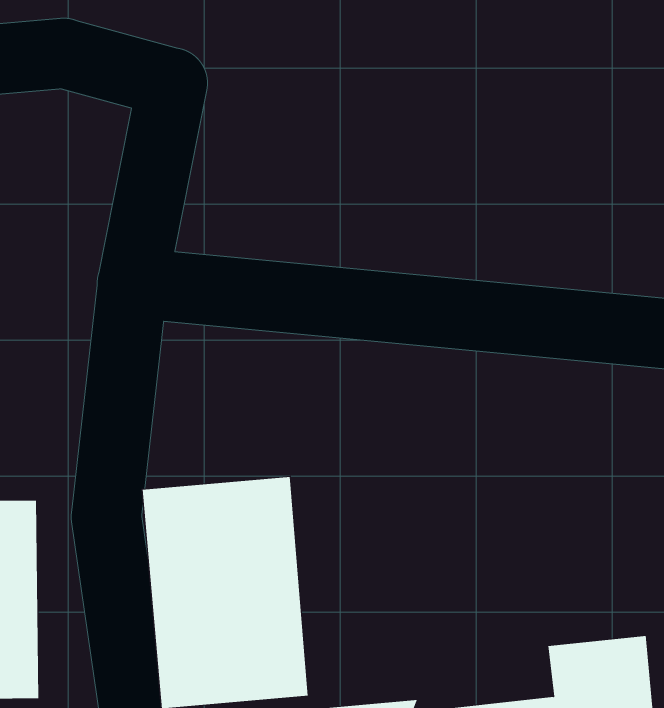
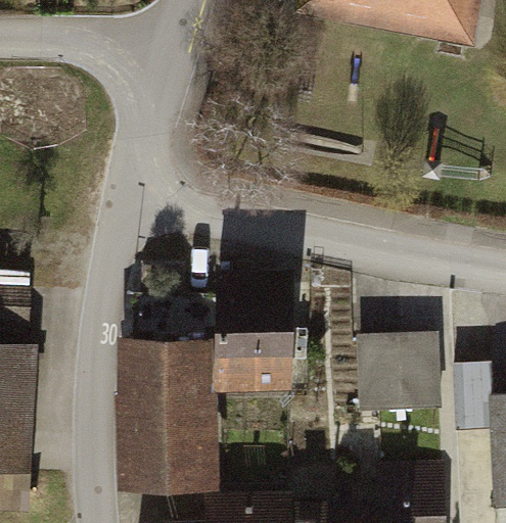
building: none -> [350,339,443,425]
building: none -> [218,330,294,393]

